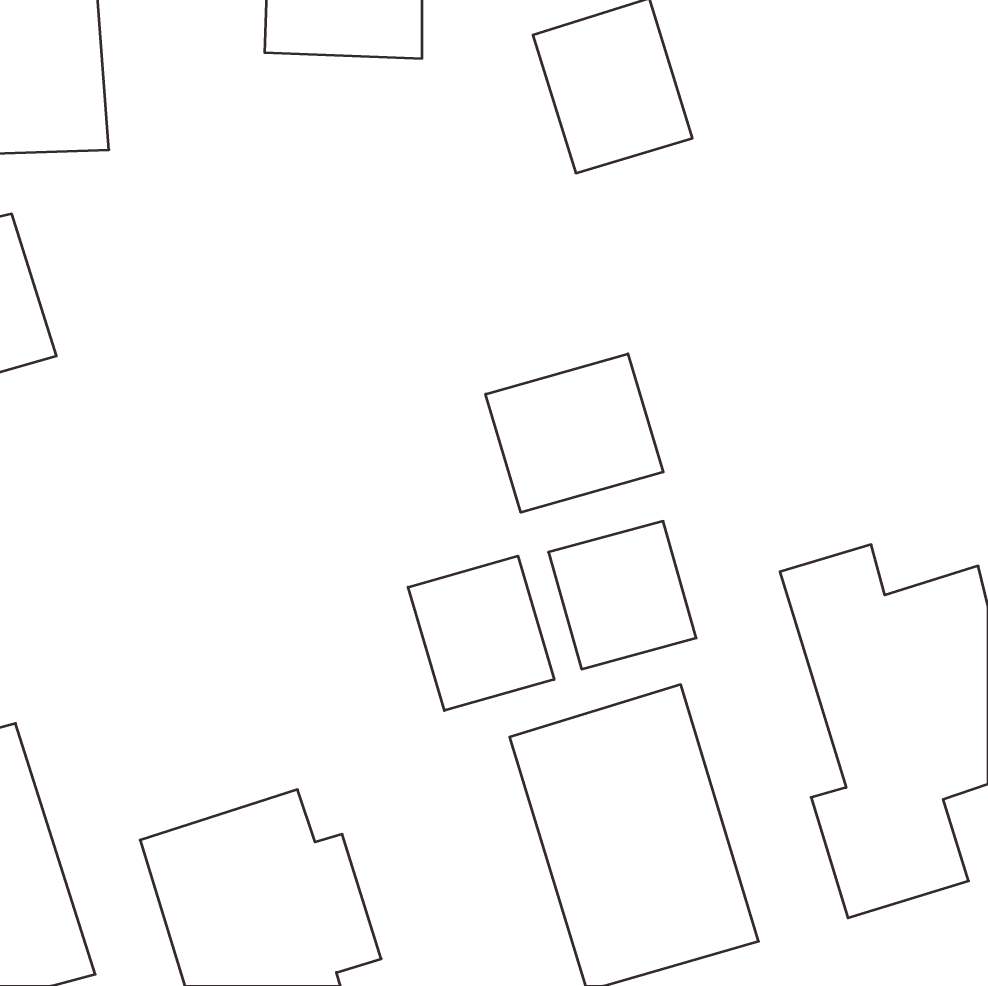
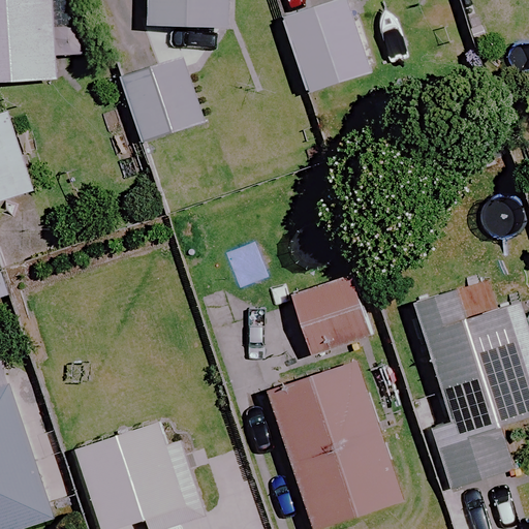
building: none -> [118,54,205,143]
building: [486,354,663,512] -> none
building: [408,556,554,711] -> none

